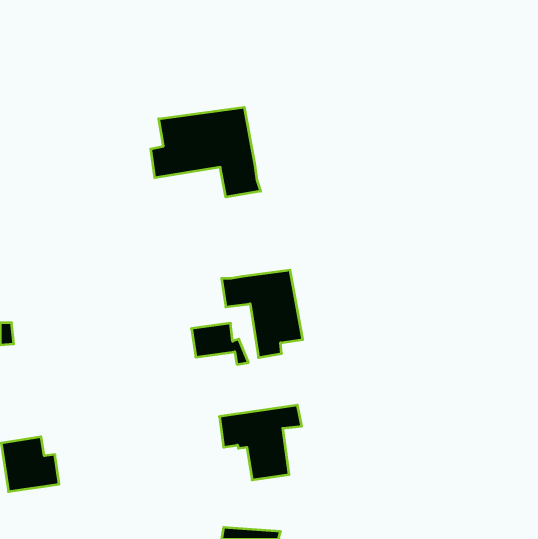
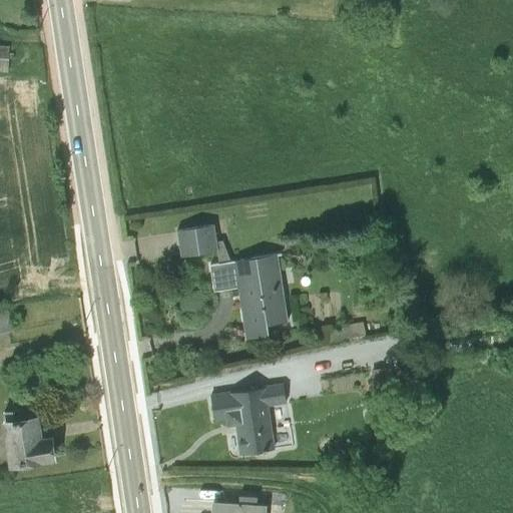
building: [151,107,261,197] -> none
building: [191,323,248,364] -> [177,225,231,265]

